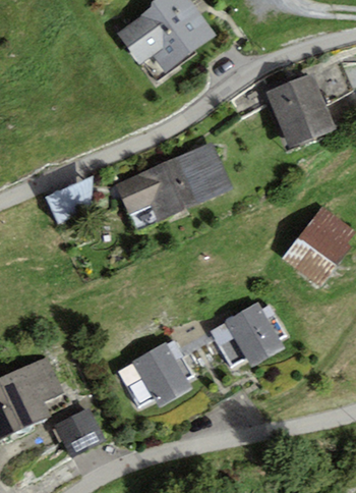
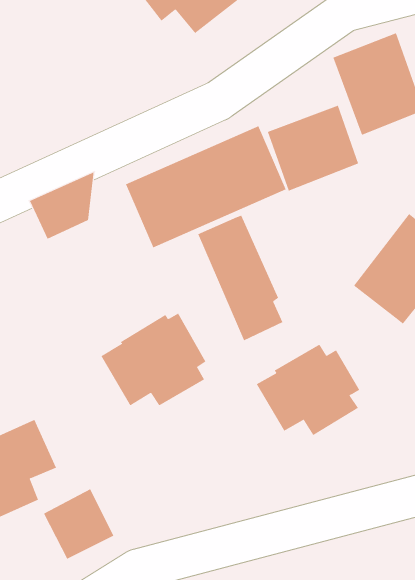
building: none -> [267,105,359,191]
building: none -> [197,215,283,341]
building: [116,339,193,407] -> [100,313,206,406]

